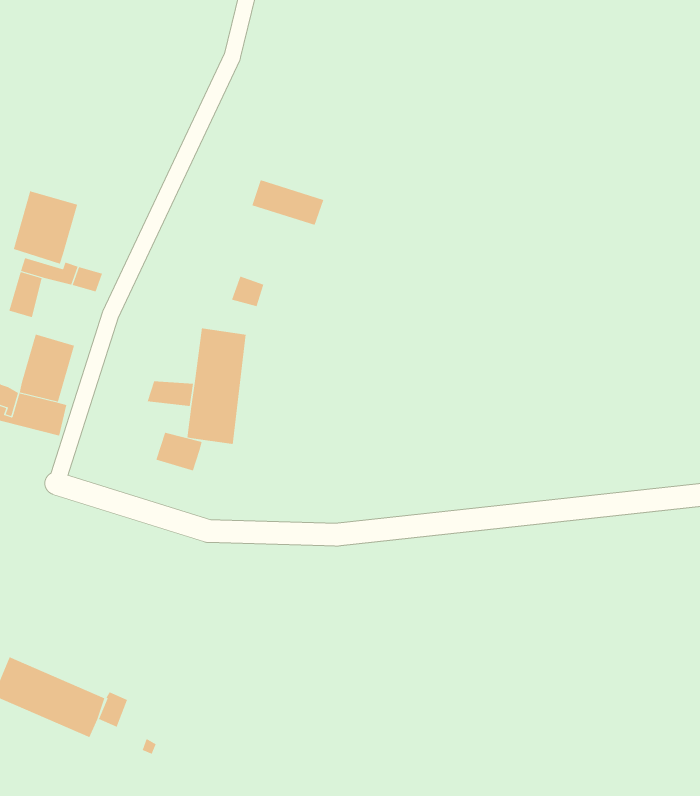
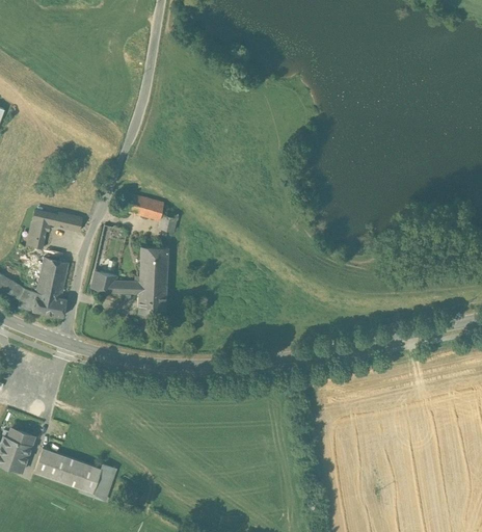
building: [251,180,324,226] -> [120,194,163,219]
building: [13,191,78,265] -> none
building: [156,432,203,471] -> [89,270,116,292]

